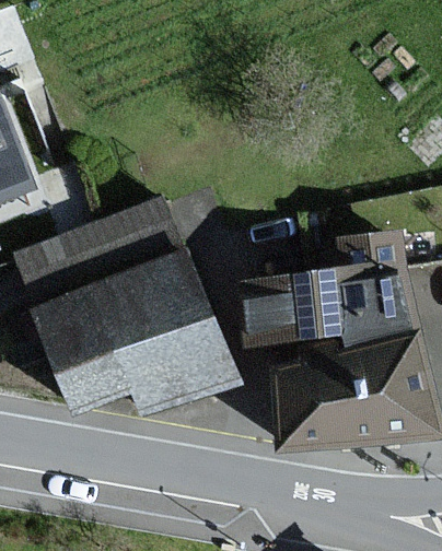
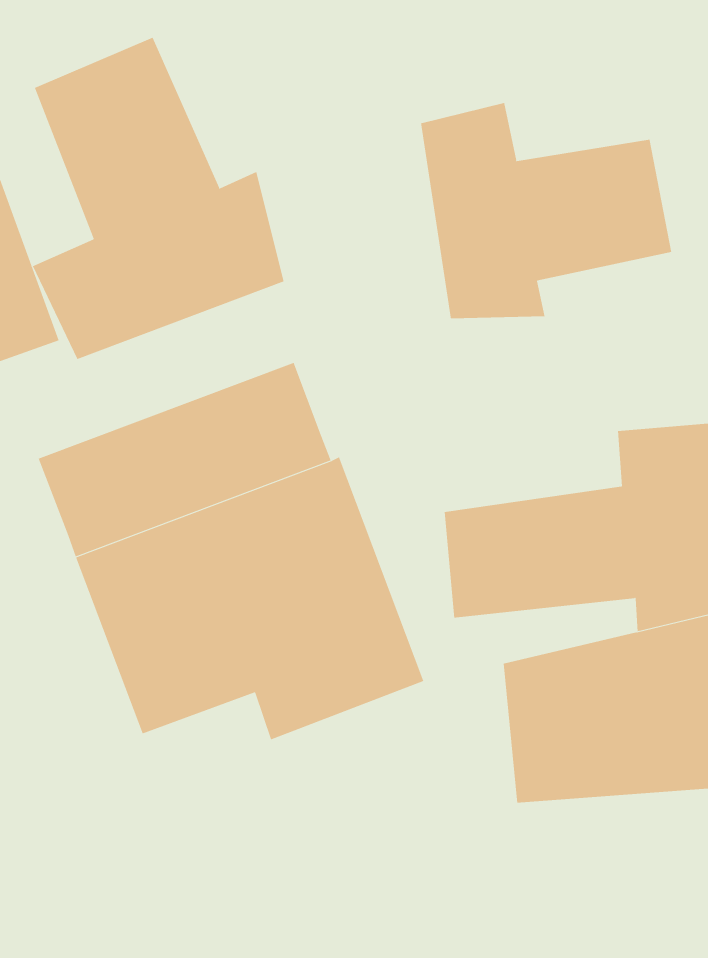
building: none -> [32,37,284,360]
building: none -> [420,102,672,319]

